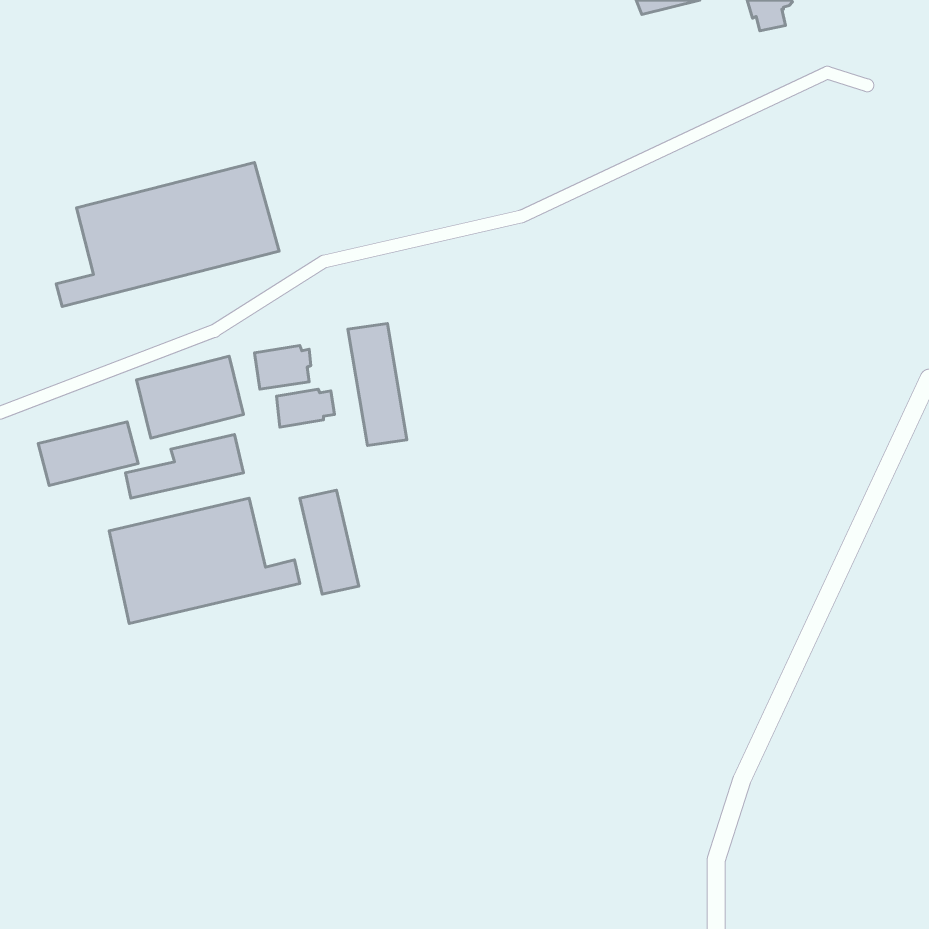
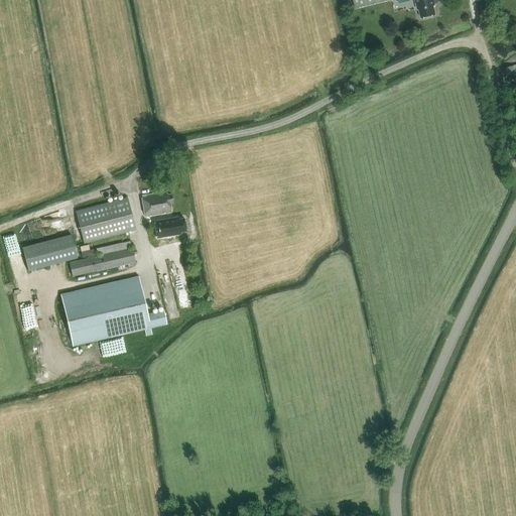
building: [56,163,279,306] -> none
building: [348,323,407,446] -> none
building: [300,490,359,594] -> none

